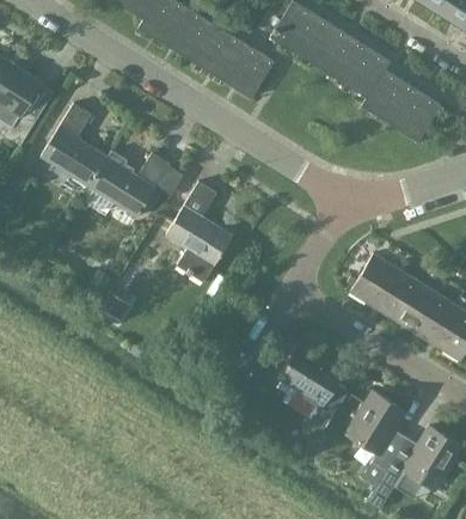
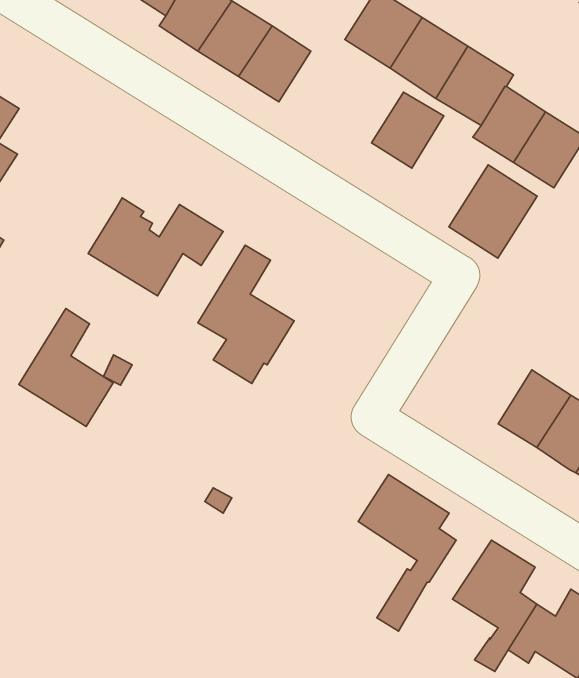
building: [222,44,274,98] -> [371,92,444,168]
building: [39,104,106,188] -> [19,309,113,427]
building: none -> [449,165,537,258]
building: [350,254,401,309] -> none

